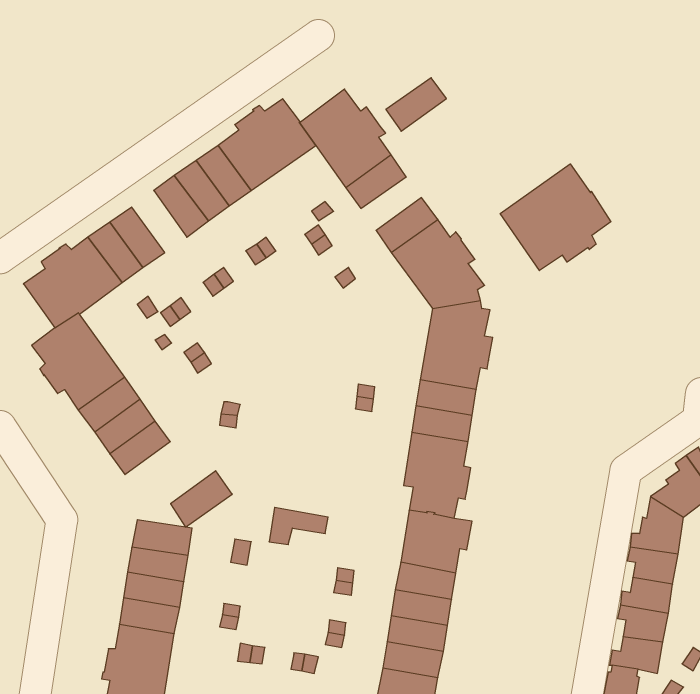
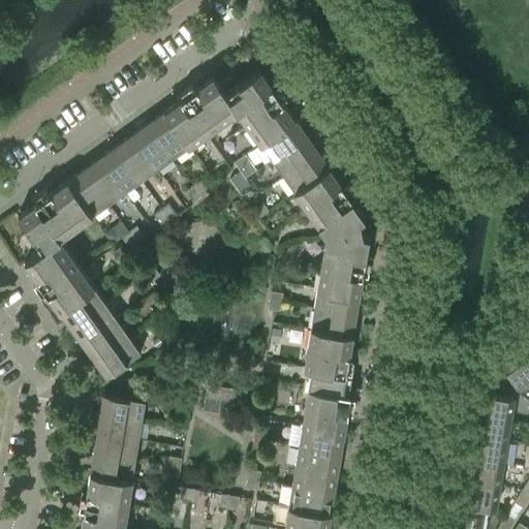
building: [386,78,446,131] -> [273,138,318,179]
building: [500,164,611,271] -> none
building: none -> [100,149,142,195]
building: [171,471,232,527] -> [95,338,142,380]

